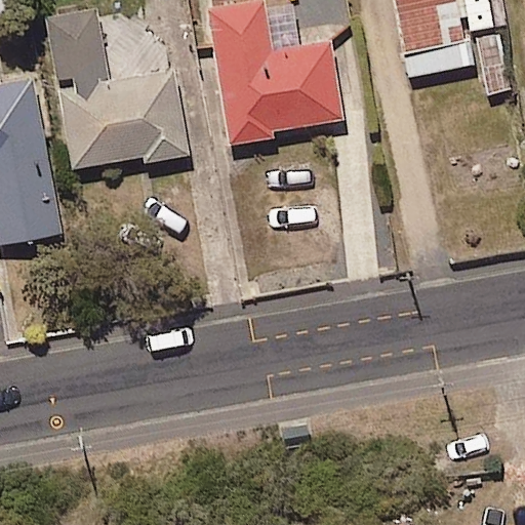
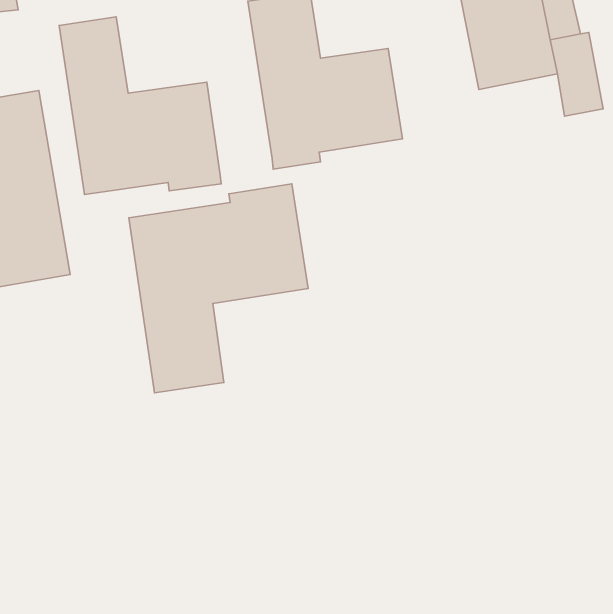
building: none -> [129,184,308,393]

